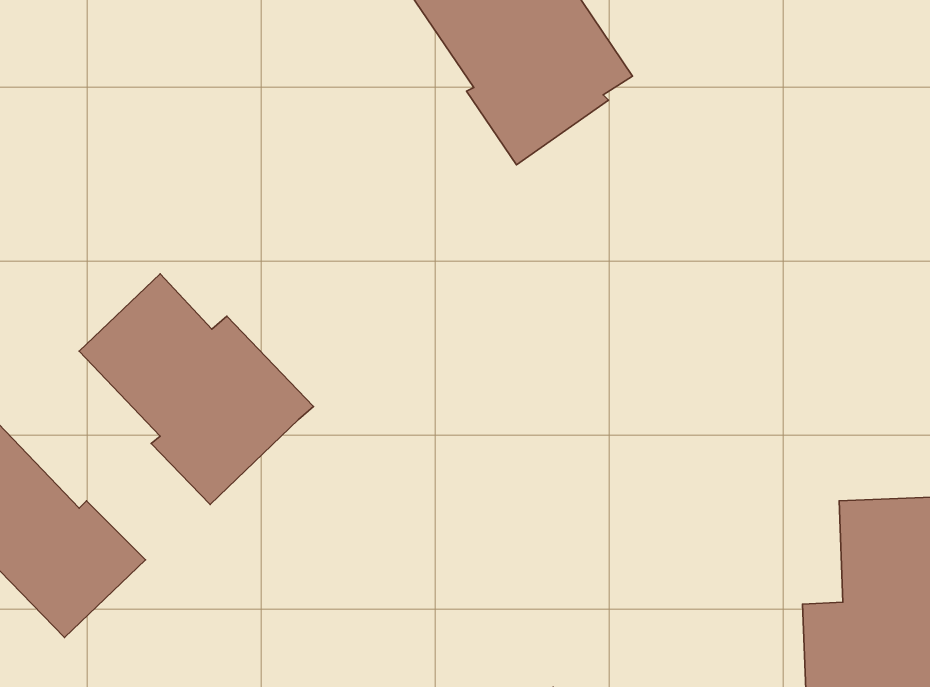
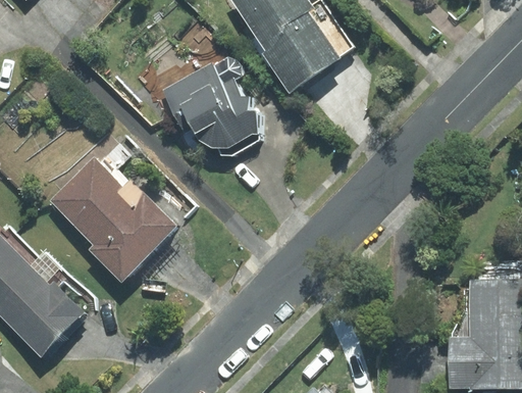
building: none -> [161,55,258,150]

